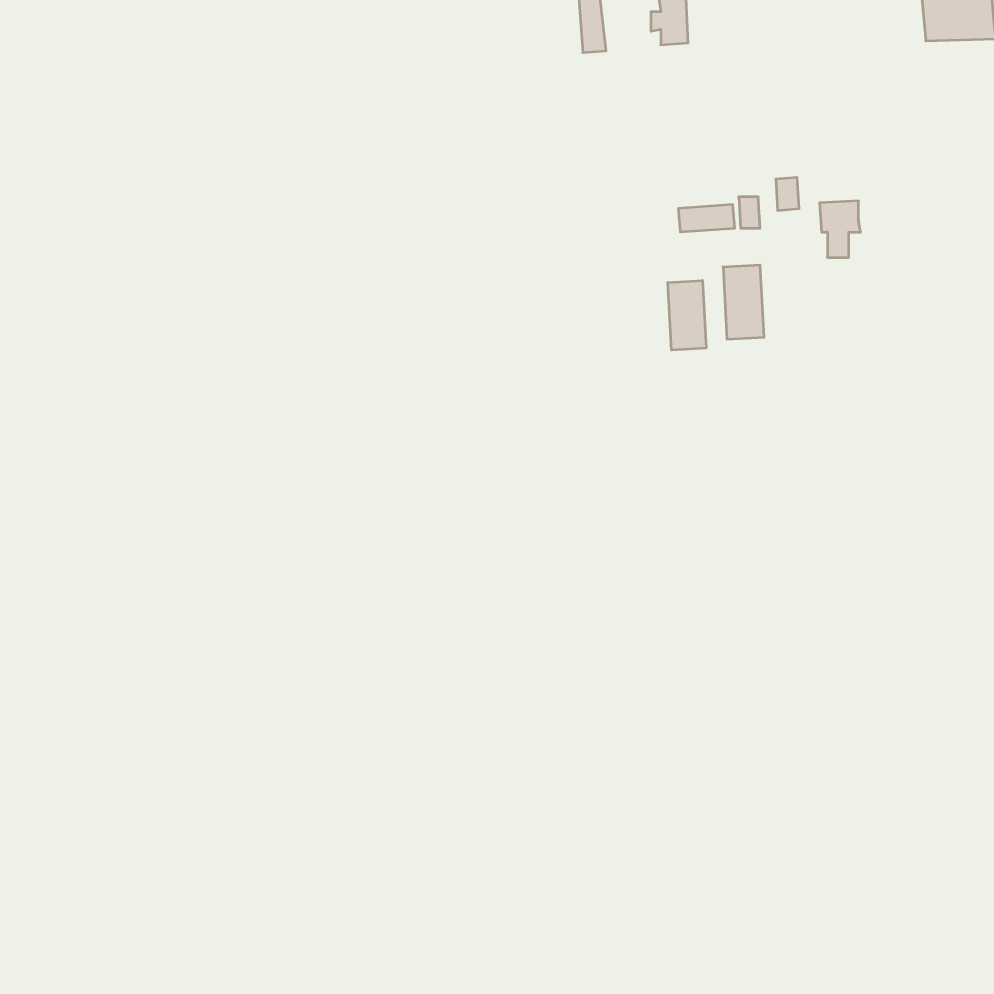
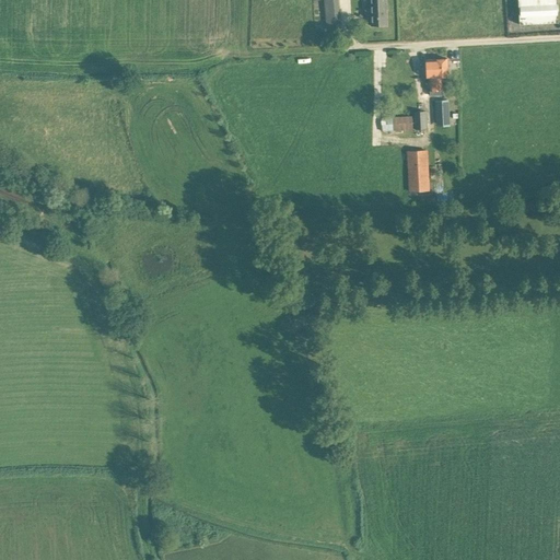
building: [820,201,861,257] -> [427,58,450,90]
building: [668,280,706,350] -> none

